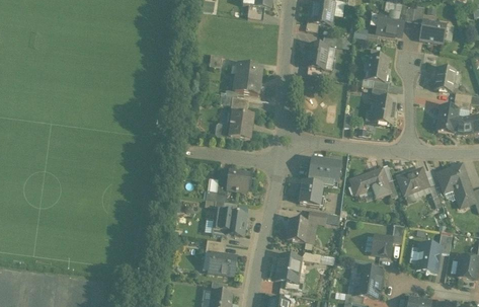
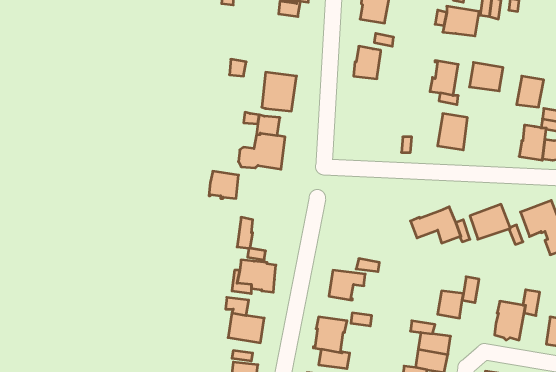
building: [419,20,446,43] -> [469,62,503,91]
building: [299,159,340,206] -> none
building: [226,170,249,191] -> [209,171,239,198]

